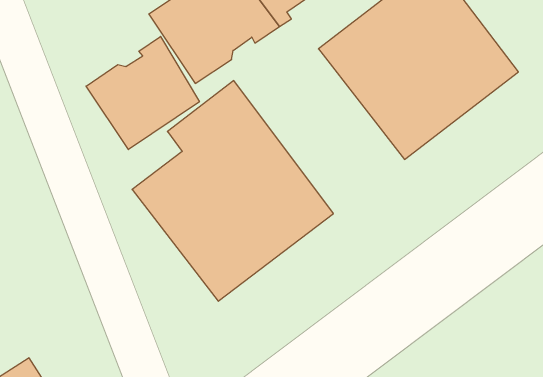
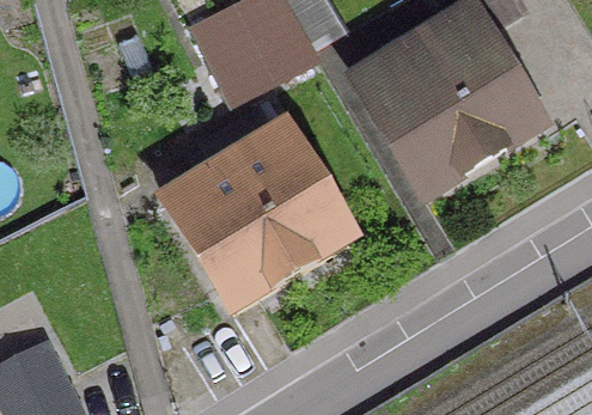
building: [86,36,199,150] -> none

